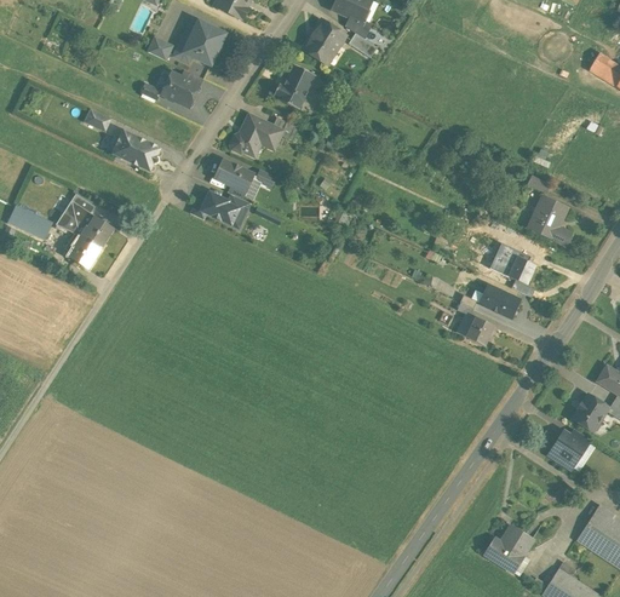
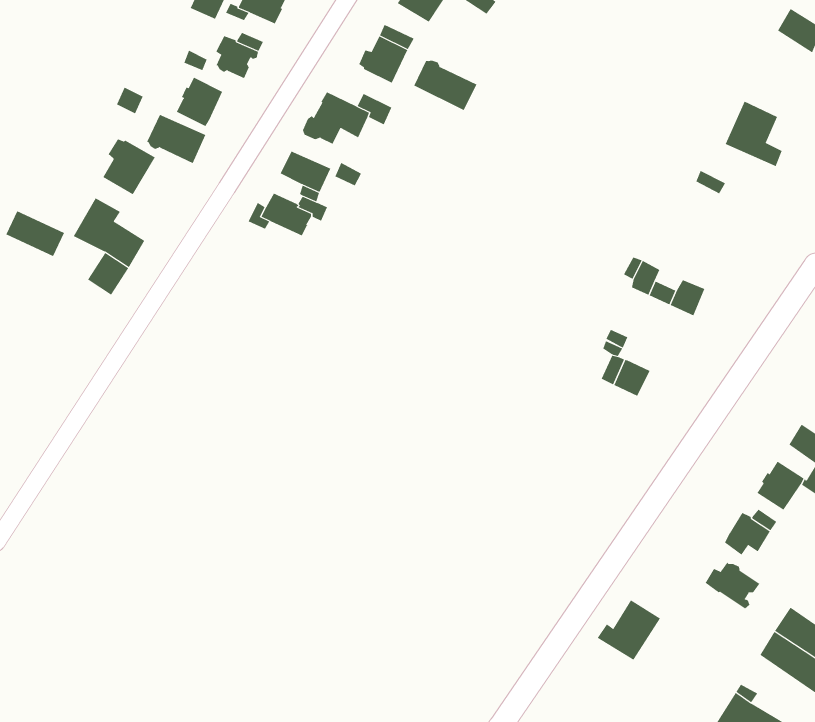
building: none -> [414,60,477,111]
building: none -> [176,77,223,127]
building: none -> [103,139,155,195]
building: [528,195,572,245] -> [725,101,783,167]
building: [480,285,521,318] -> none
building: none -> [705,562,760,610]
building: [484,526,533,572] -> [597,599,661,660]

